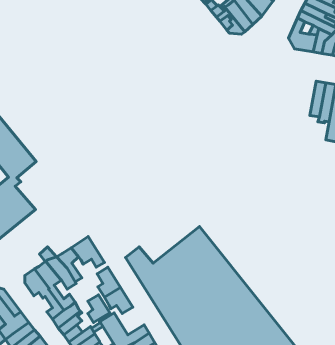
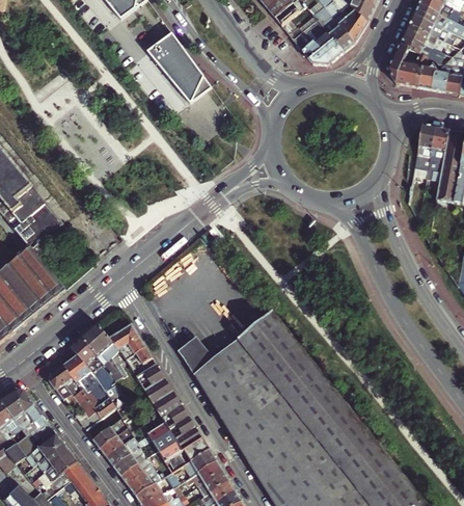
building: none -> [147,31,211,102]
building: none -> [79,323,109,349]
building: [88,295,110,322] -> [174,414,202,449]

